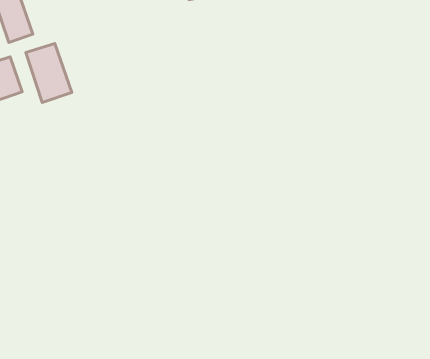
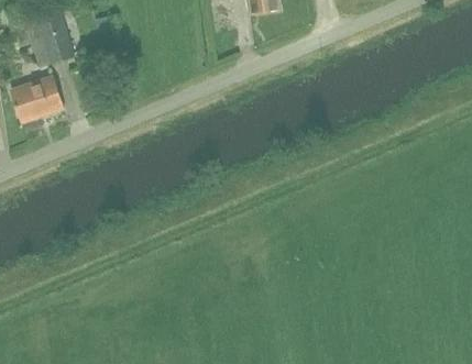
building: [26,43,72,102] -> none

